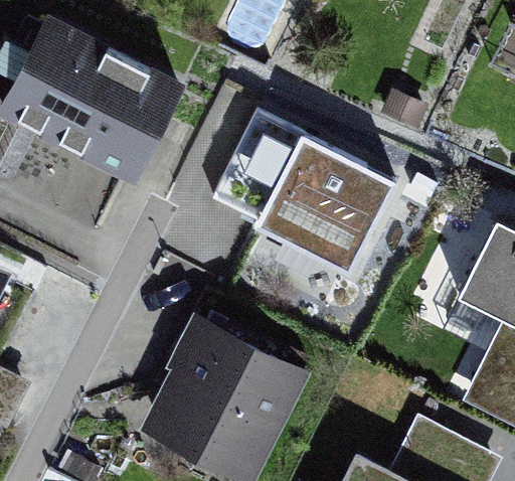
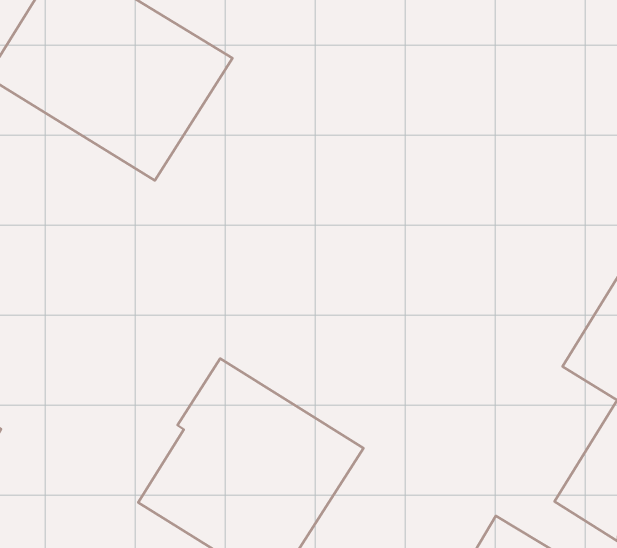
building: [213,113,394,274] -> none

